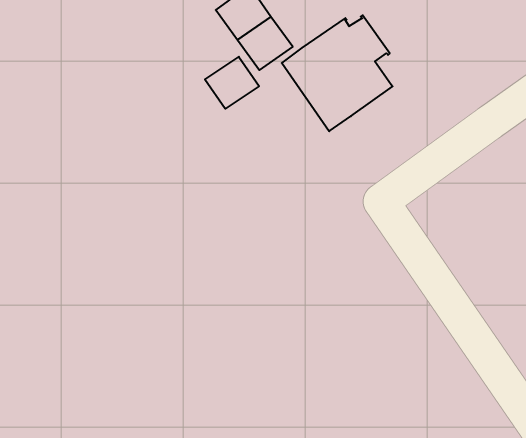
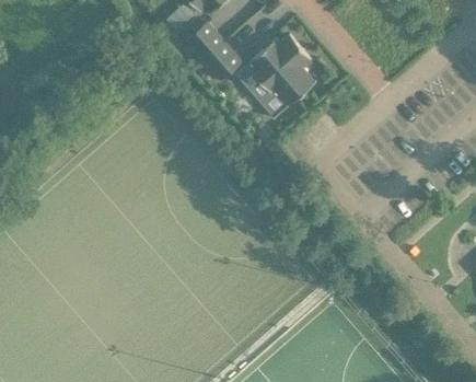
building: [205,57,259,109] -> none

